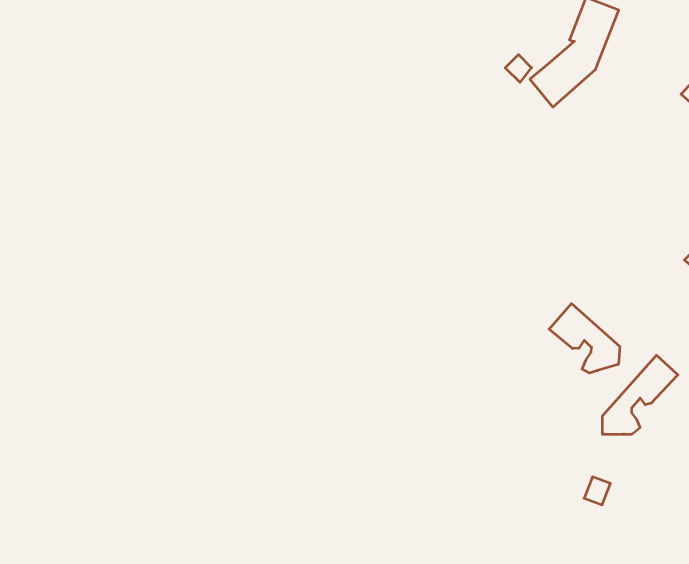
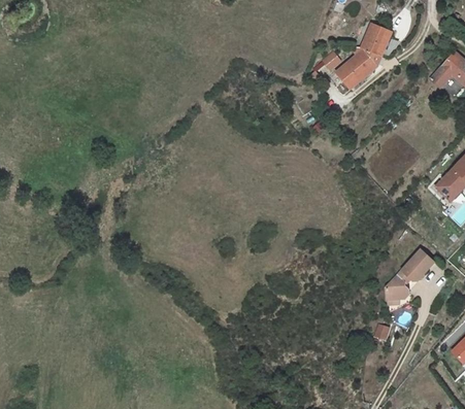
building: [549,304,620,373] -> none

